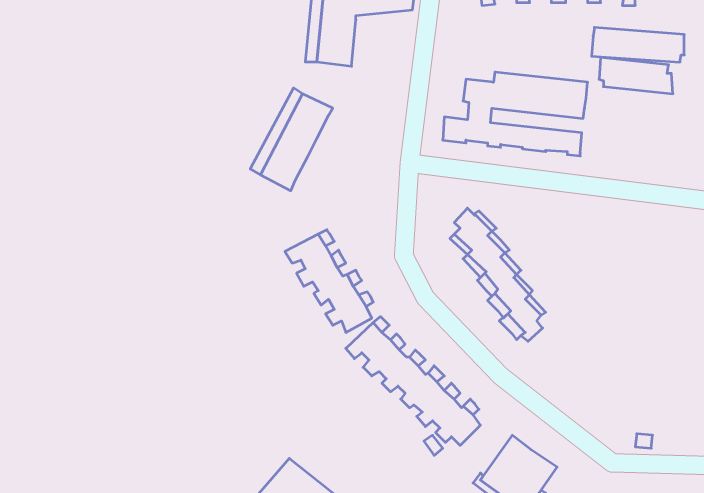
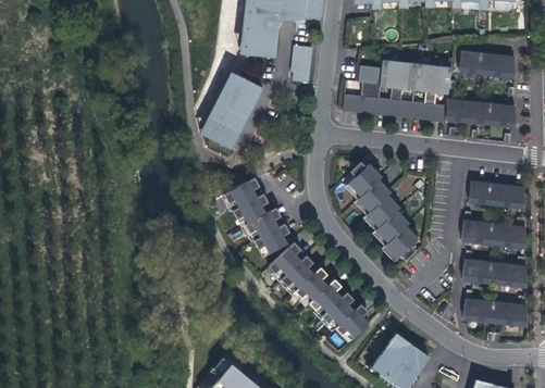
building: [592,27,684,62] -> [446,99,516,125]
building: none -> [292,45,312,83]
building: none -> [470,179,525,206]
building: none -> [461,220,525,247]
building: none -> [462,259,527,286]
building: none -> [463,298,528,325]

